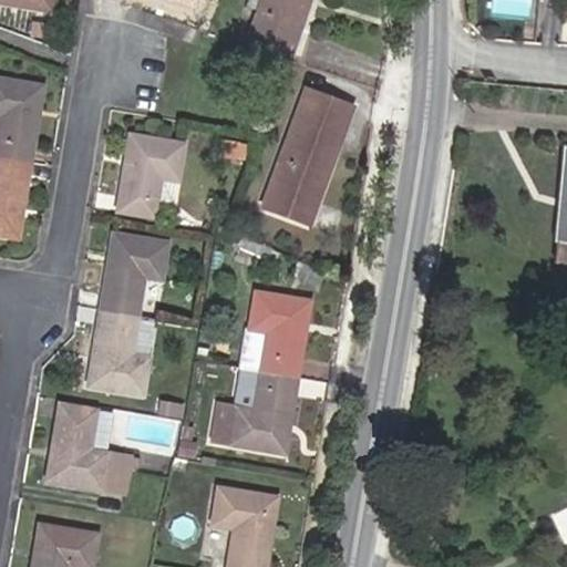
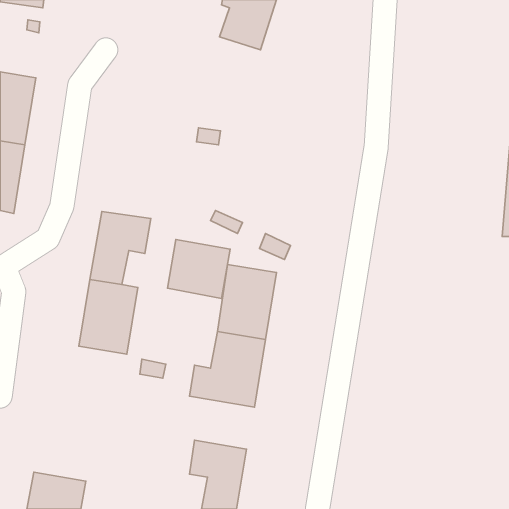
building: [261,83,353,225] -> none
building: [116,134,181,220] -> none
building: none -> [167,240,230,299]
building: [45,399,128,493] -> none

